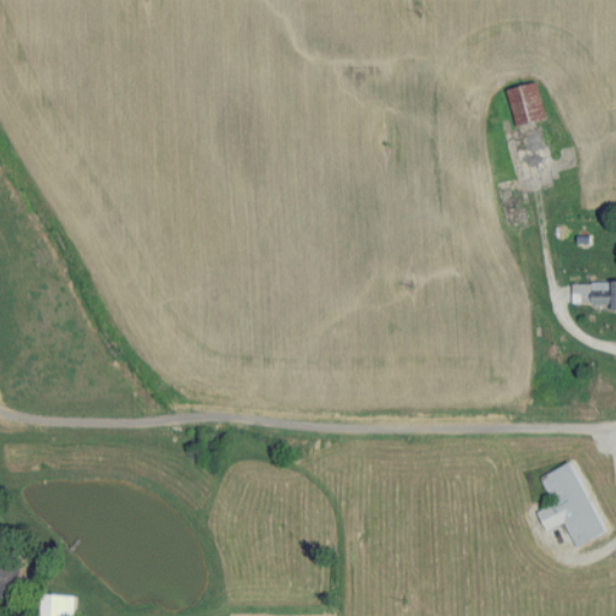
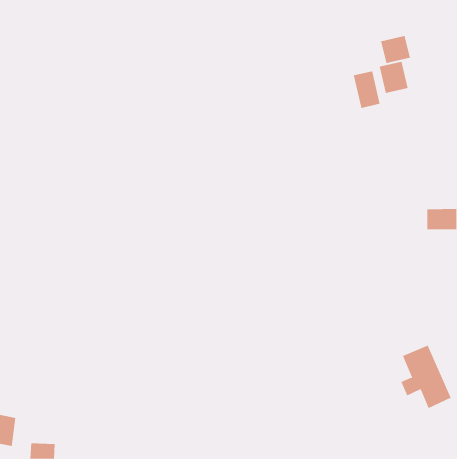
building: none -> [381,35,410,64]
building: none -> [353,70,380,109]

